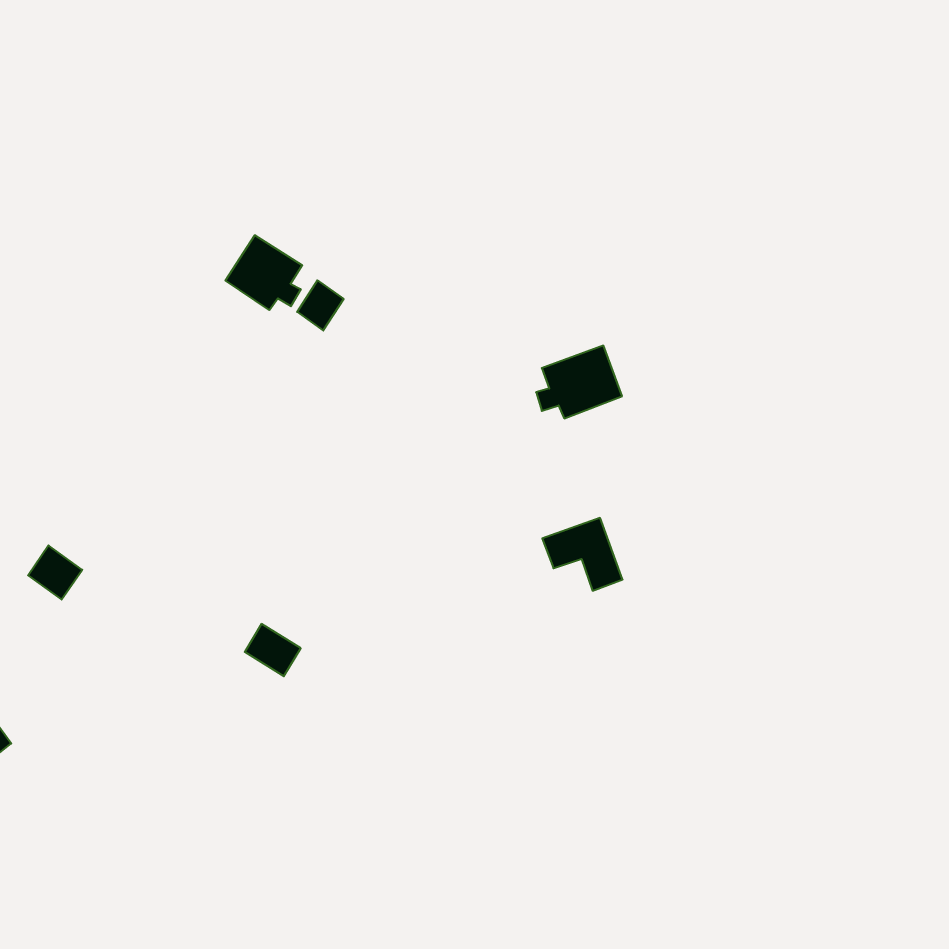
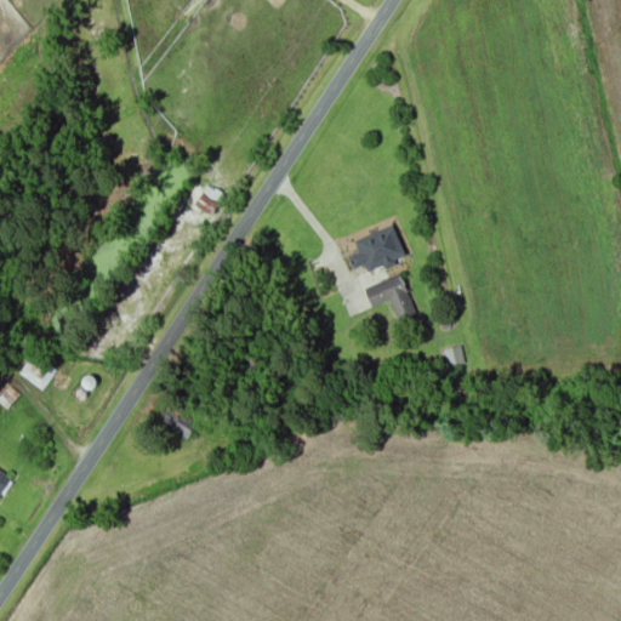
building: [225,235,302,310] -> none
building: [542,518,623,591] -> [363,273,415,320]

